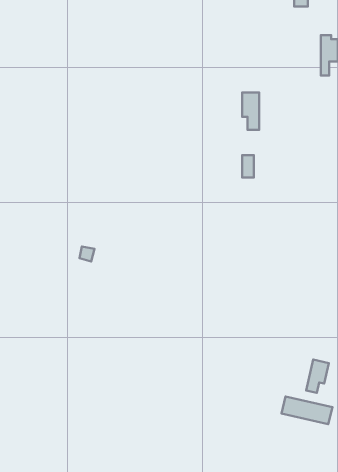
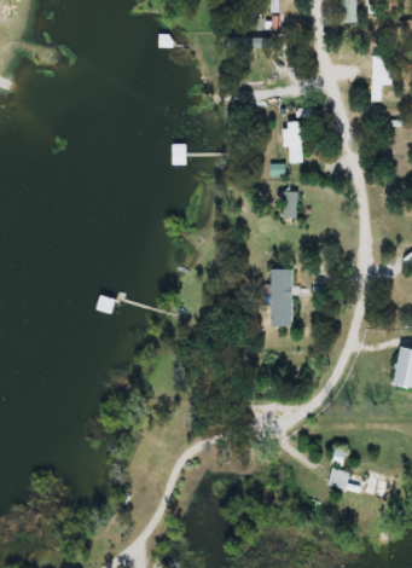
building: none -> [271,269,291,326]
building: [306,360,329,393] -> none

